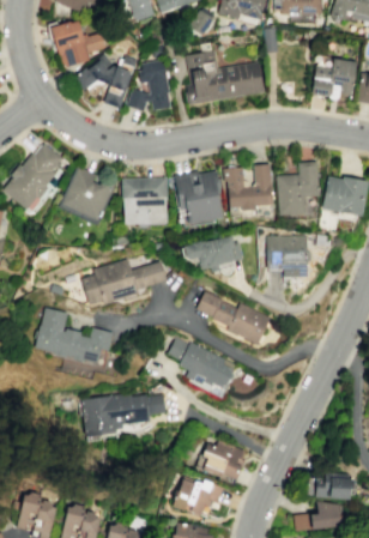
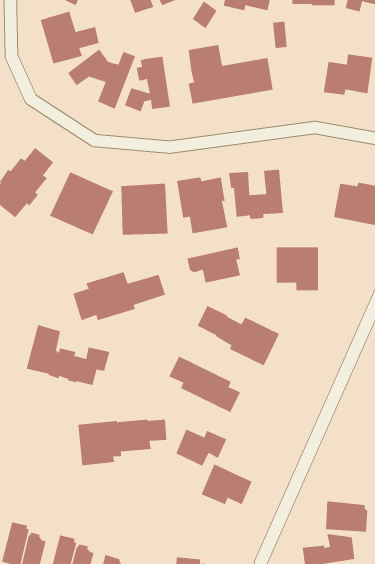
building: [277,162,320,216] -> none
building: [177,476,225,510] -> [175,429,227,467]

